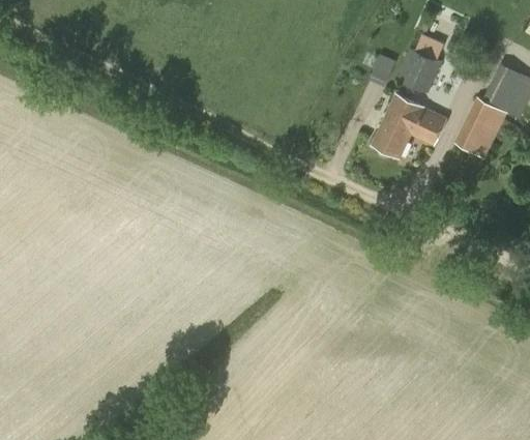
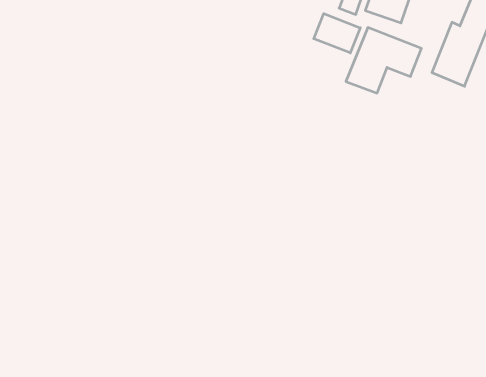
building: none -> [314,14,360,53]

